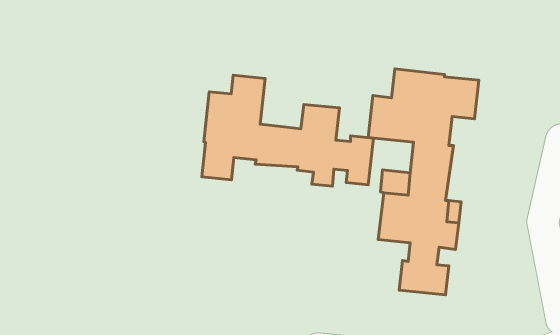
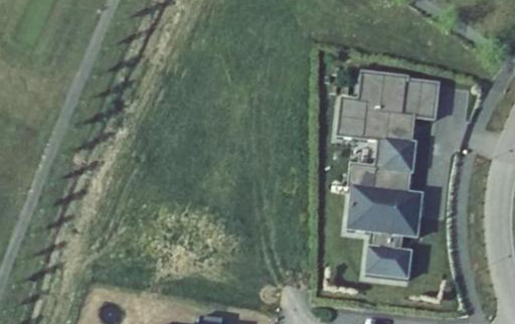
building: [202,75,374,186] -> none

